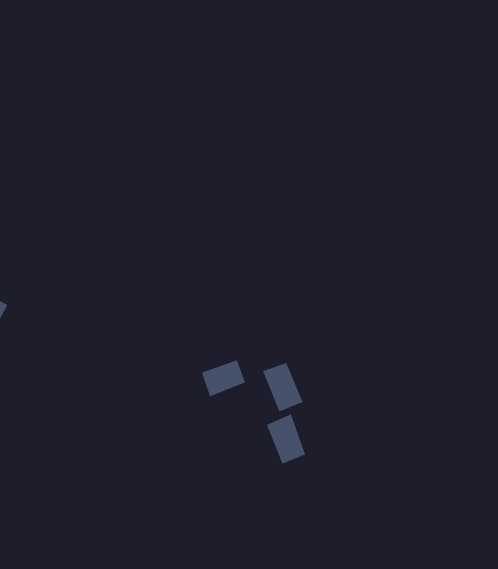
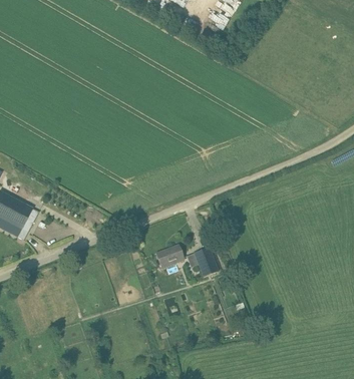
building: [266,414,306,464] -> none

